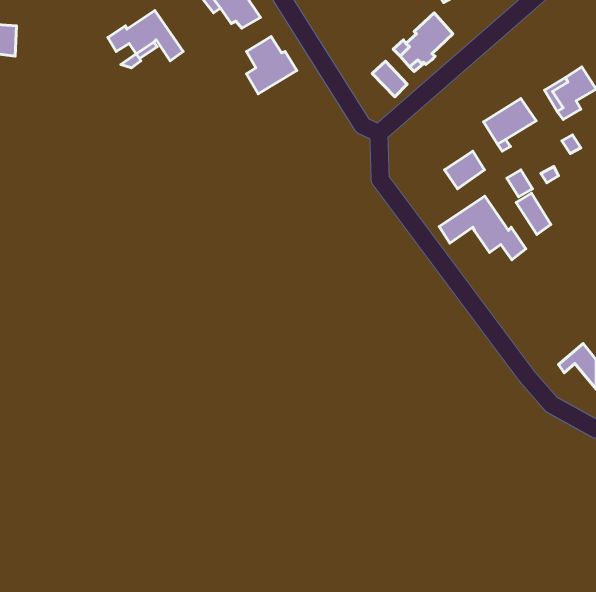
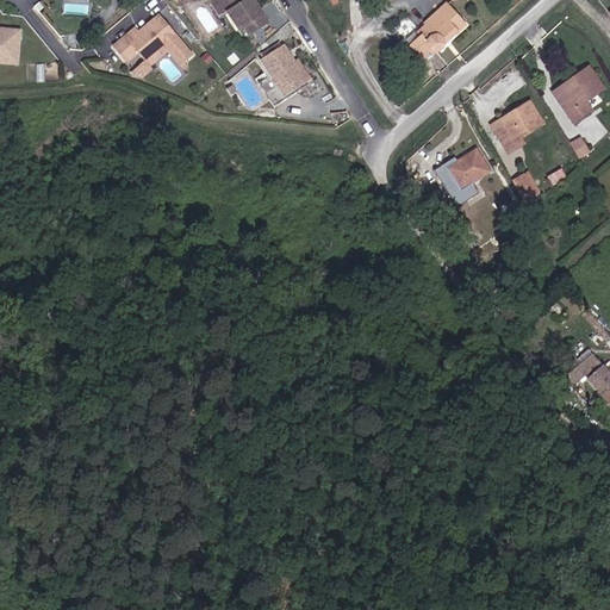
building: [372,61,407,97] -> none
building: [516,193,551,235] -> none
building: [439,196,526,260] -> none

